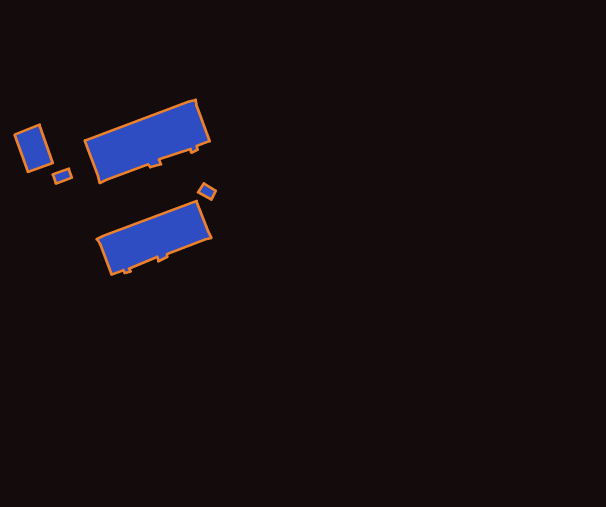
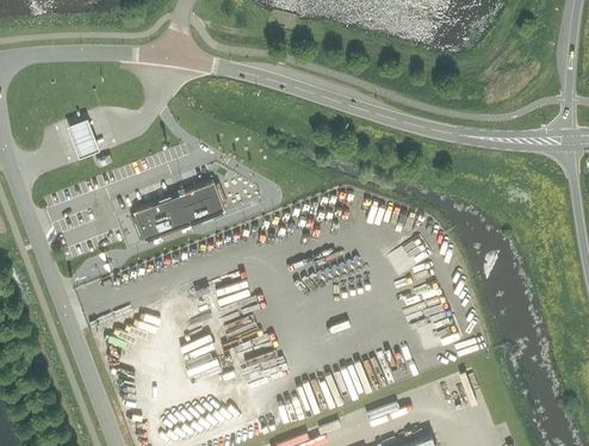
building: [85,100,210,183] -> none

